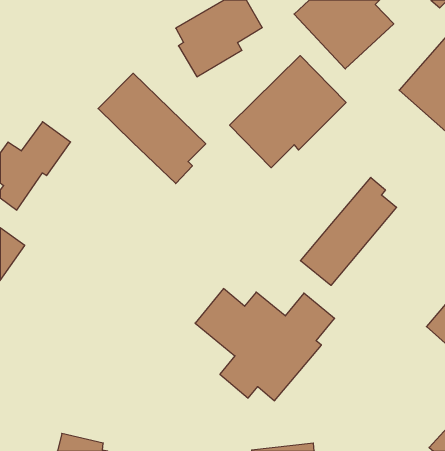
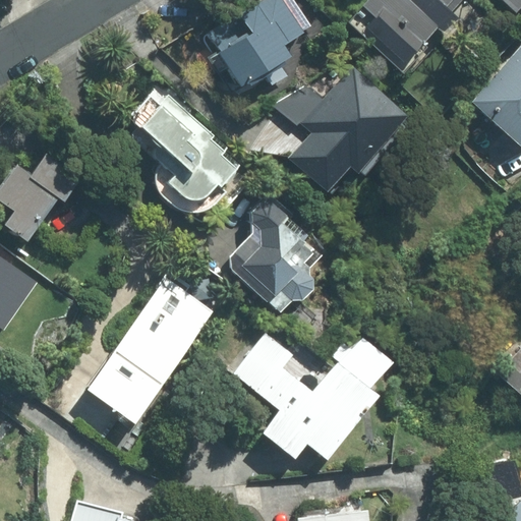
building: none -> [223,196,326,315]
building: [300,177,397,285] -> none
building: none -> [88,262,212,458]

